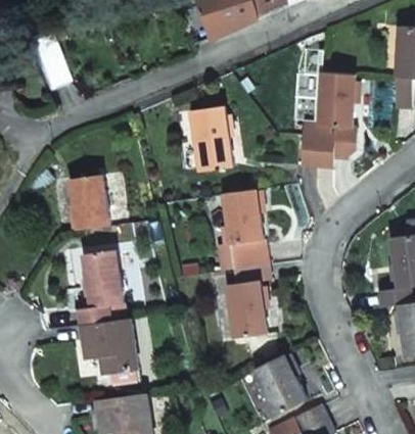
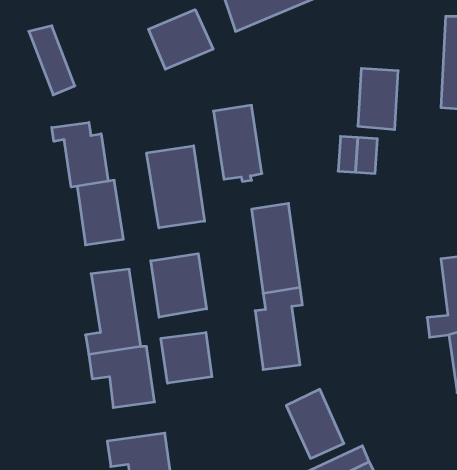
building: none -> [148,10,213,69]
building: none -> [52,122,108,187]
building: none -> [147,146,205,228]
building: none -> [151,254,207,317]
building: none -> [161,332,212,383]

